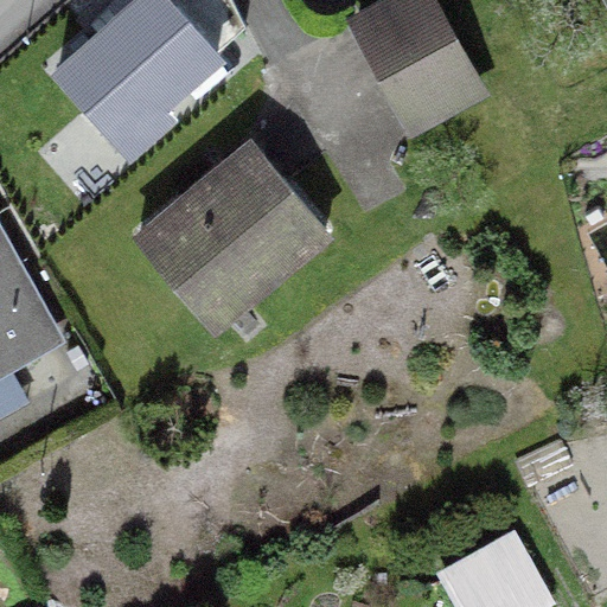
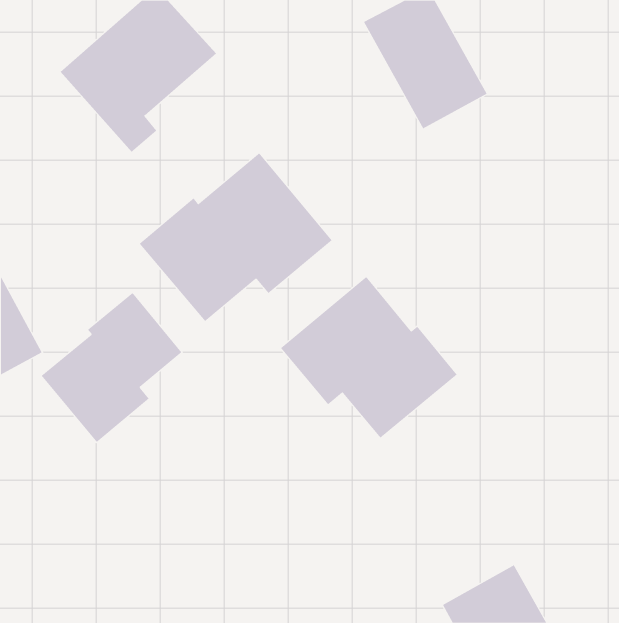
building: none -> [280,276,457,439]
building: none -> [41,292,182,443]

